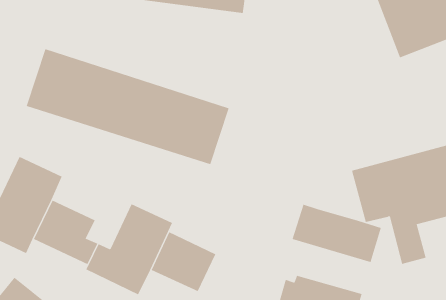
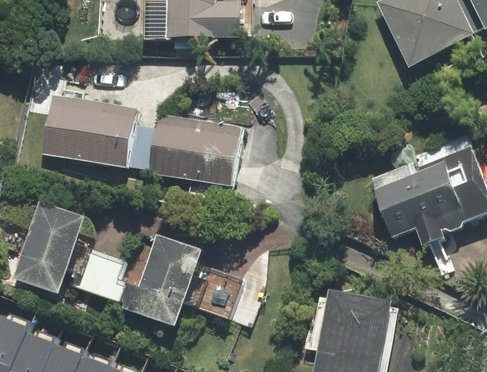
building: [292,204,381,263] -> none

